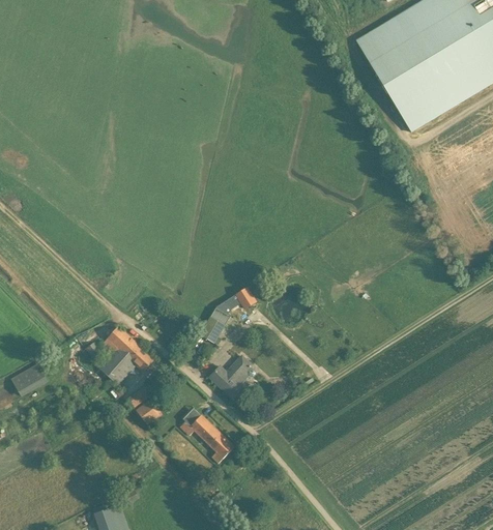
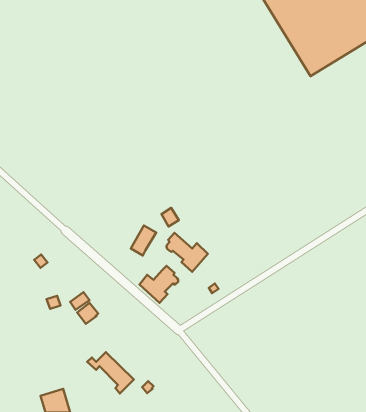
building: none -> [167,233,208,272]
building: [98,326,155,385] -> none
building: [179,414,234,463] -> [87,352,134,394]

